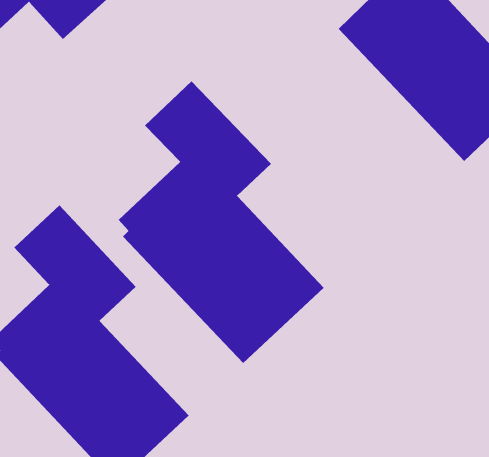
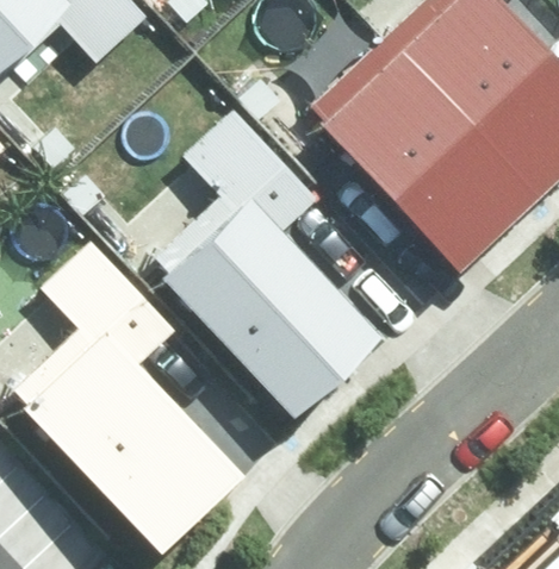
building: none -> [318,51,530,267]

